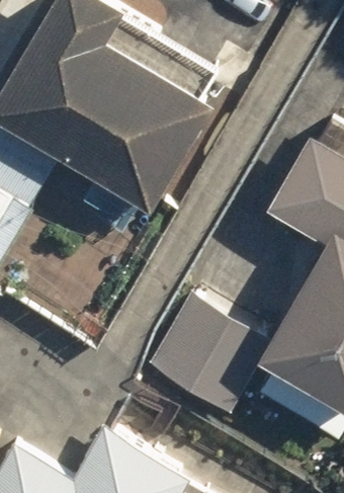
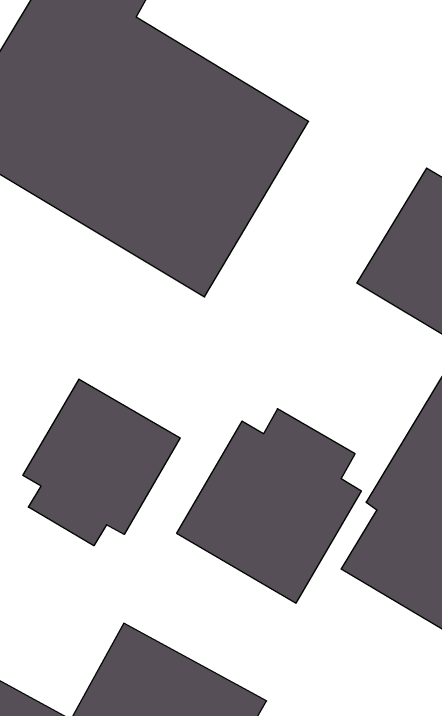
building: none -> [23,379,180,546]

